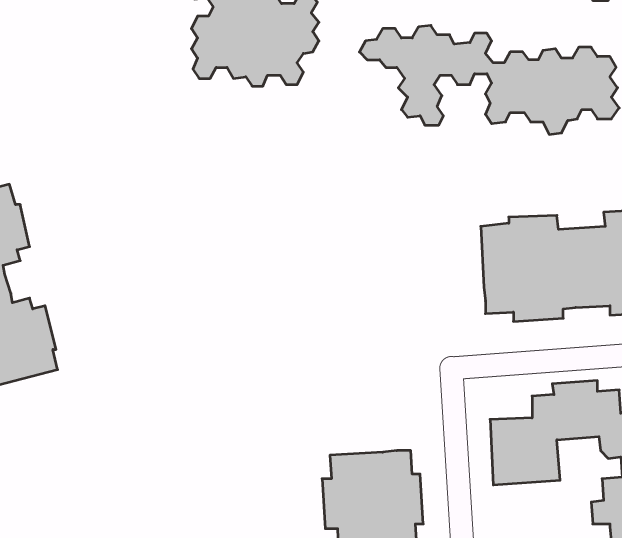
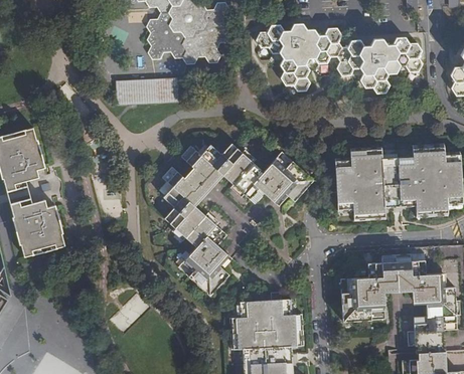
building: none -> [113,76,178,107]
building: none -> [162,143,313,296]

